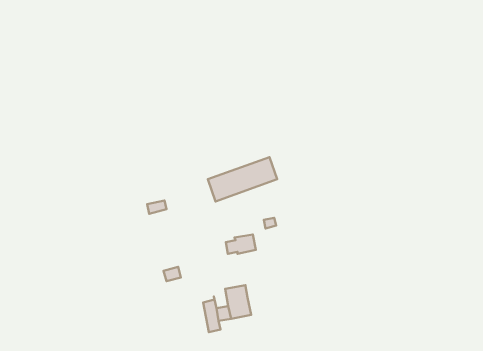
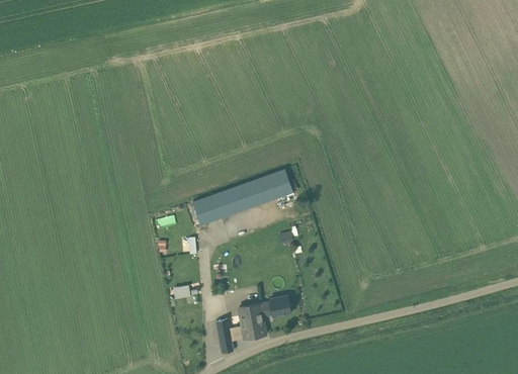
building: none -> [192,192,228,224]
building: [226,235,256,254] -> [259,296,290,316]

